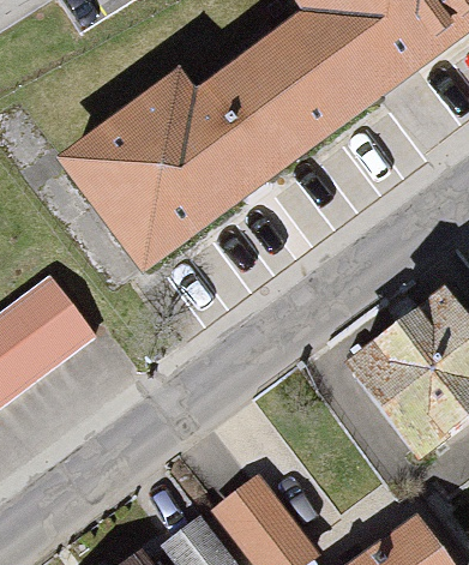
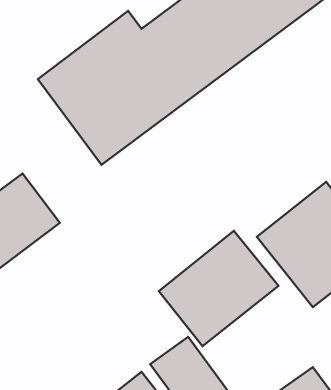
building: none -> [159,231,278,346]

